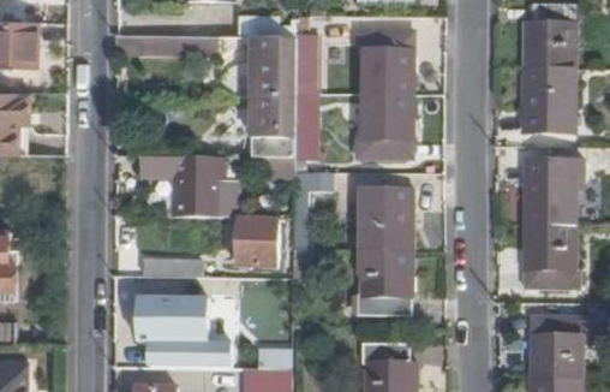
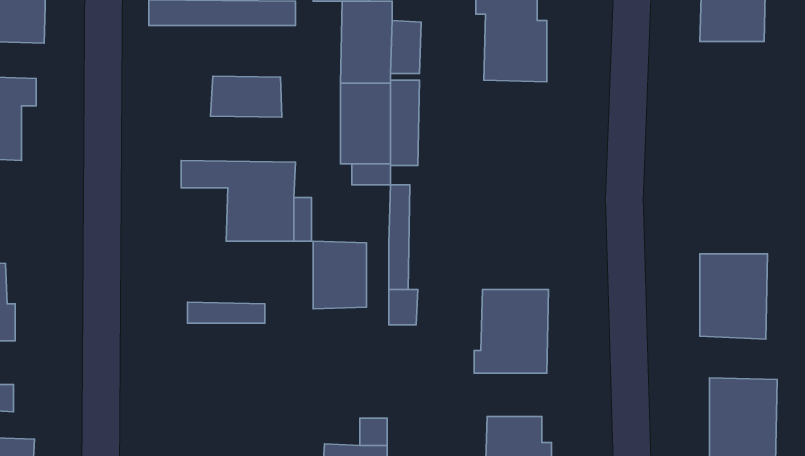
building: [522,66,573,130] -> none
building: none -> [211,76,282,117]
building: [357,95,411,158] -> none
building: [525,160,584,225] -> none
building: [363,189,412,251] -> none
building: [138,296,232,368] -> none

